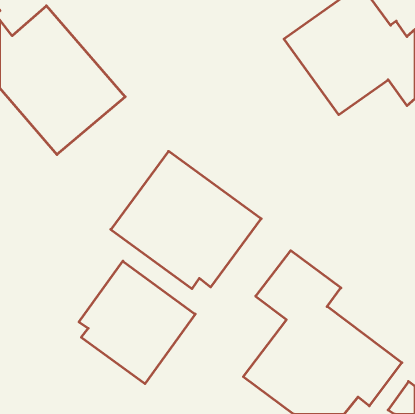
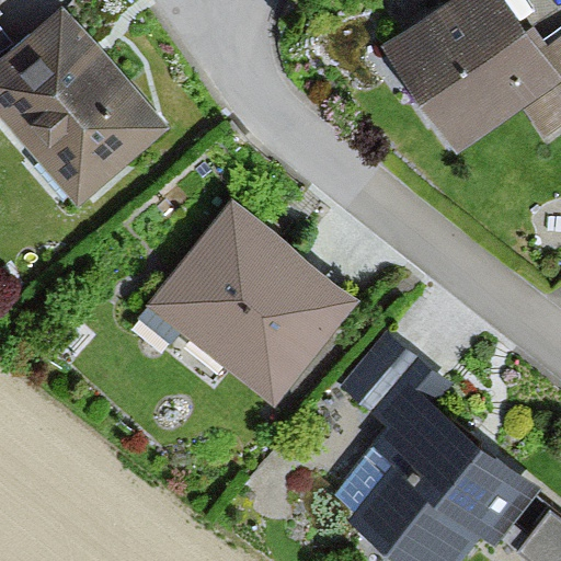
building: [79,261,195,384] -> none

